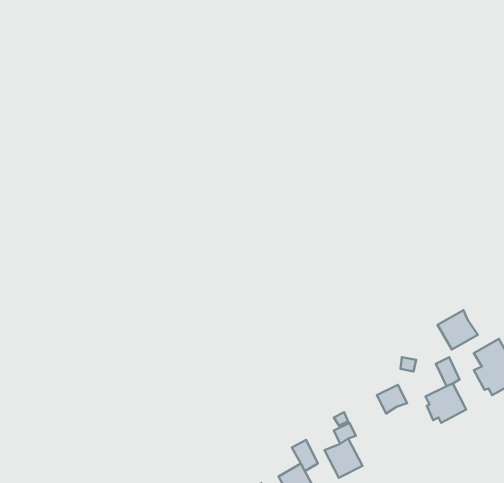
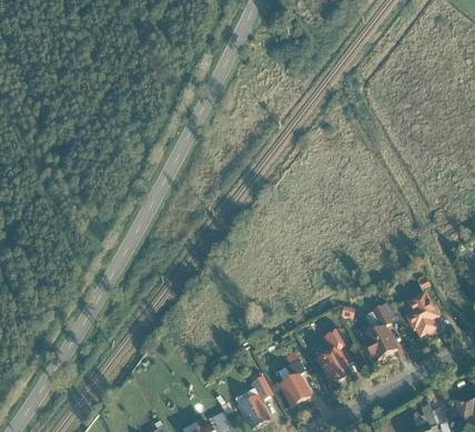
building: [437,310,478,349] -> none
building: none -> [316,345,352,382]

